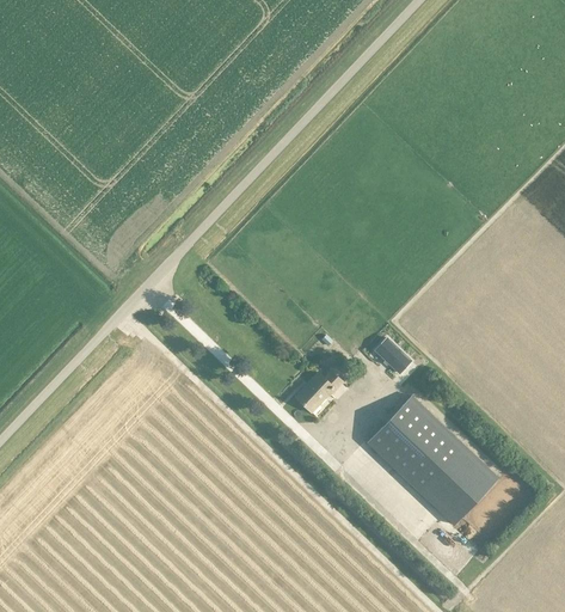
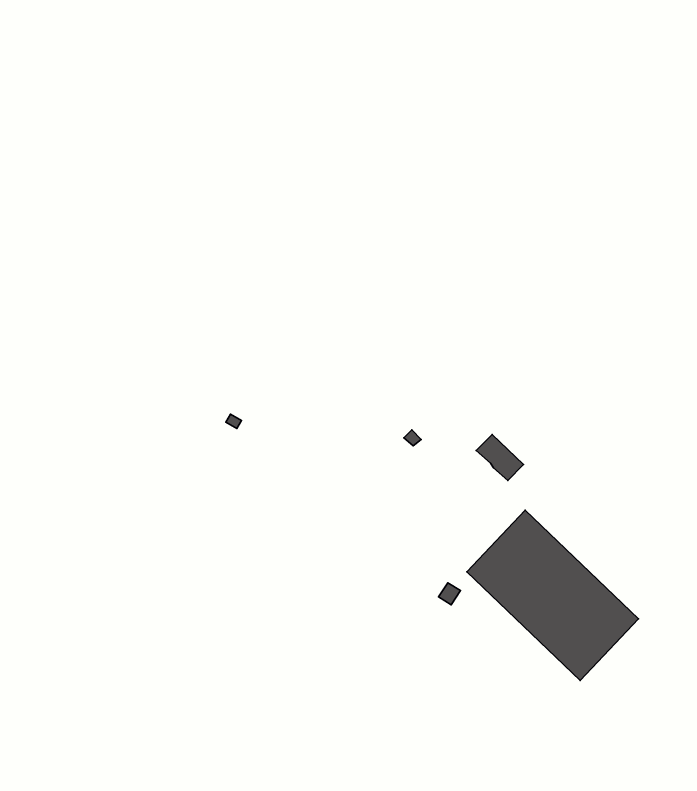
building: [294,373,342,414] -> none

